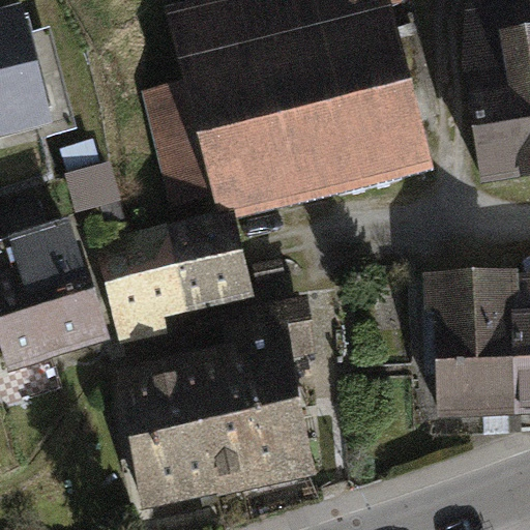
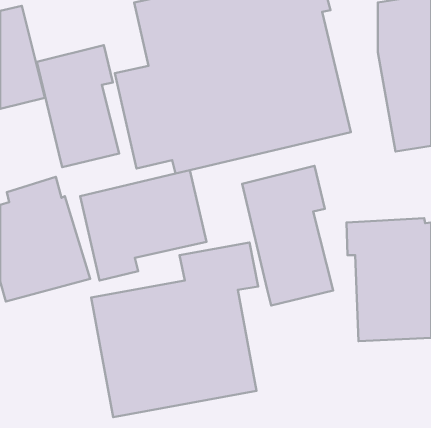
building: none -> [37,45,119,167]
building: none -> [242,166,333,306]

